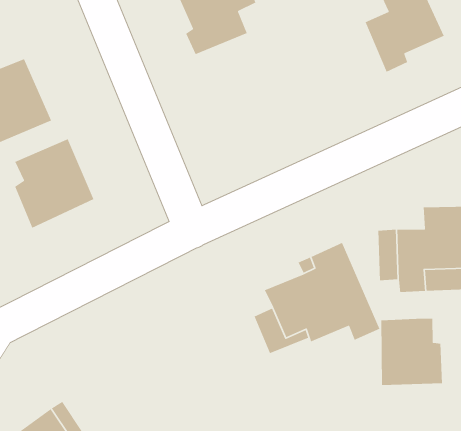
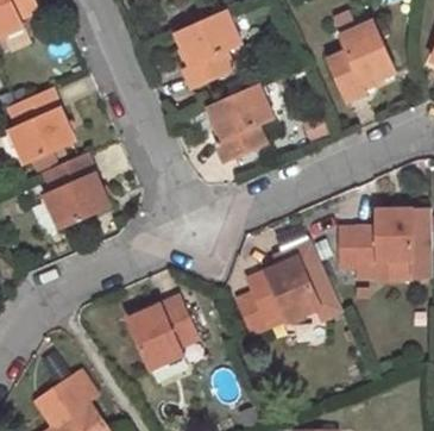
building: none -> [207,85,272,162]
building: none -> [127,295,196,368]
building: [380,318,443,386] -> none

